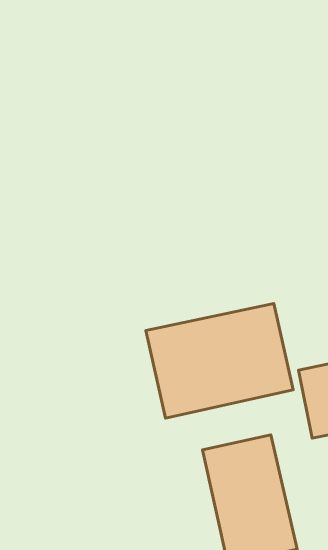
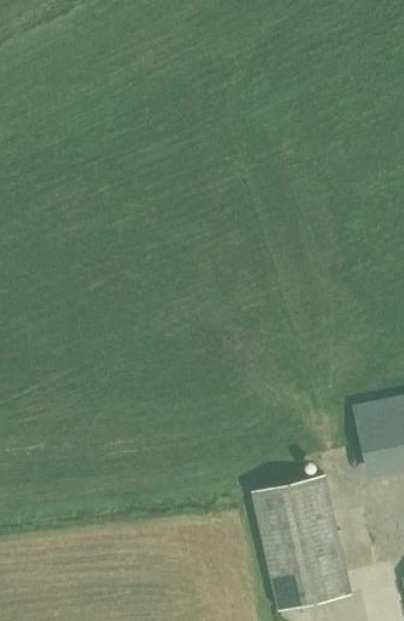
building: [146,303,293,418] -> none

